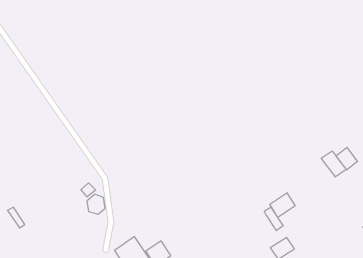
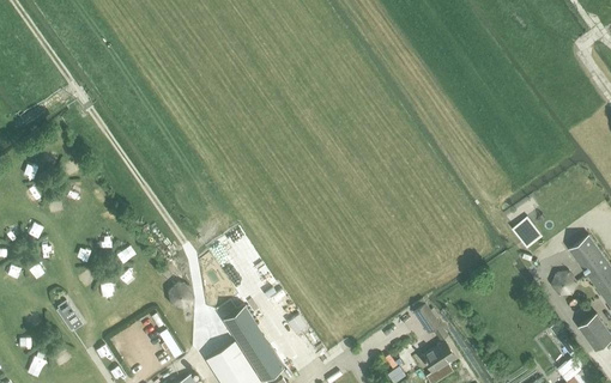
building: [321,151,346,177] -> none
building: [270,193,295,217] -> none
building: none -> [223,308,271,363]

